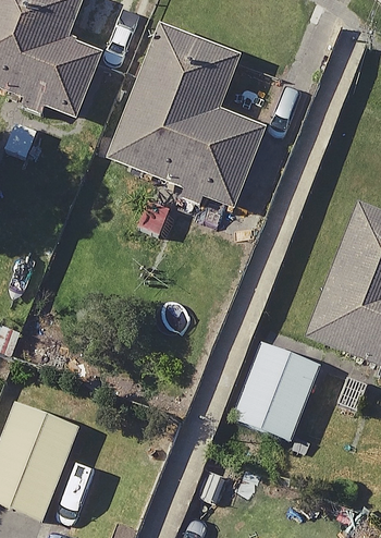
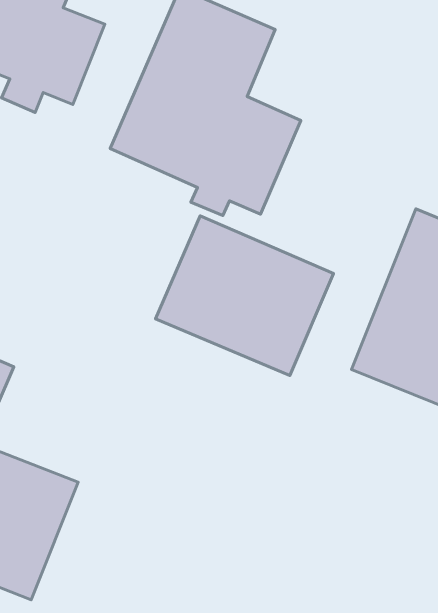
building: none -> [156,216,334,376]
building: [232,342,319,441] -> none

